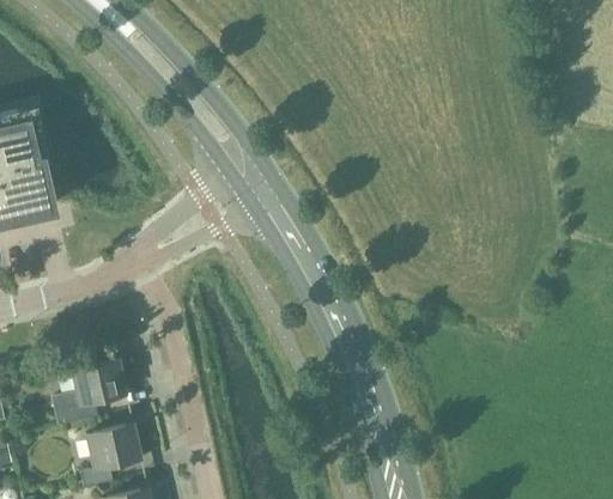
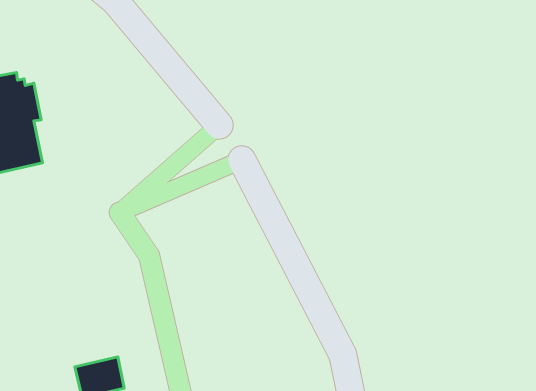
building: [53,361,126,426] -> none

